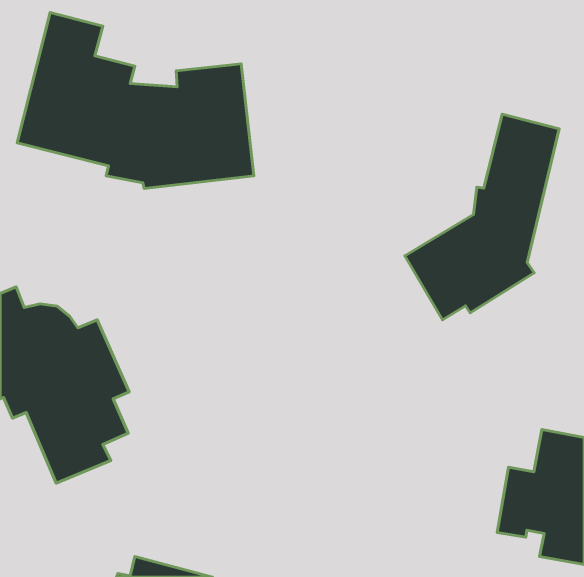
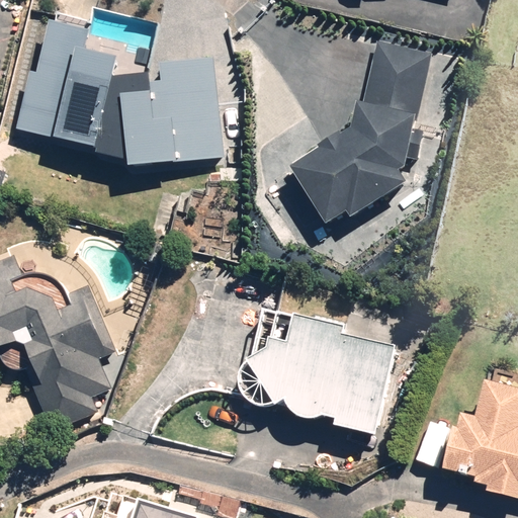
building: [405,114,559,320] -> [291,40,428,223]
building: none -> [240,316,392,434]

